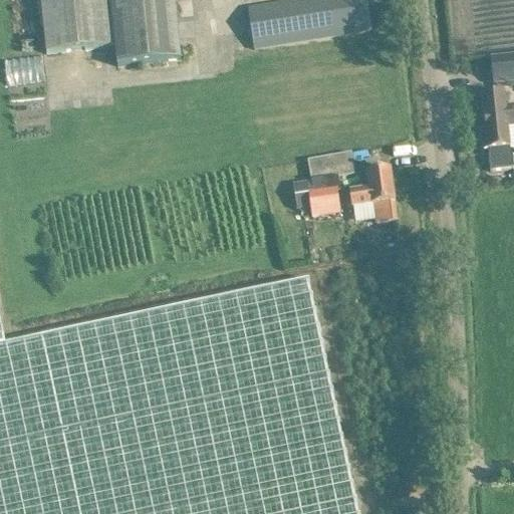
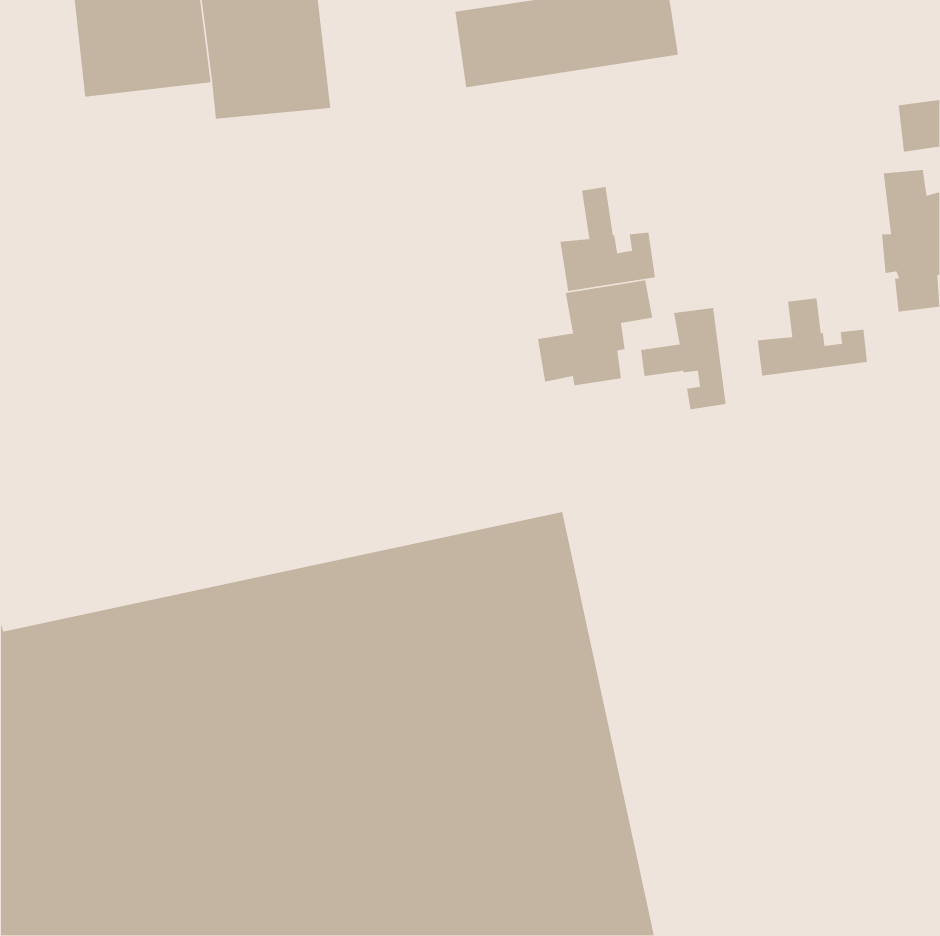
building: none -> [560,186,656,292]
building: none -> [757,297,868,376]

